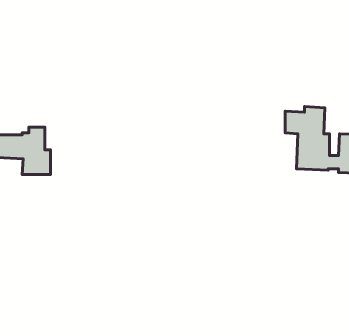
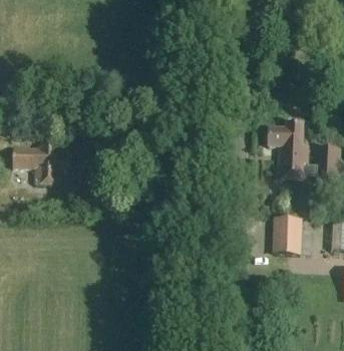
building: none -> [271,217,310,254]

